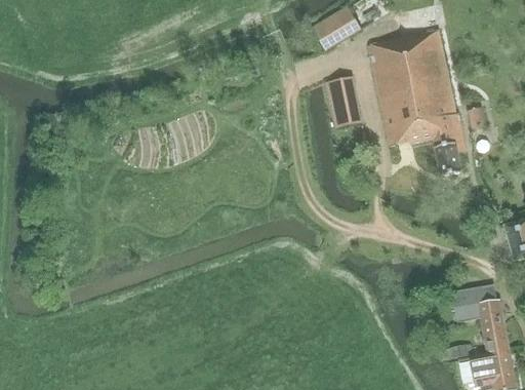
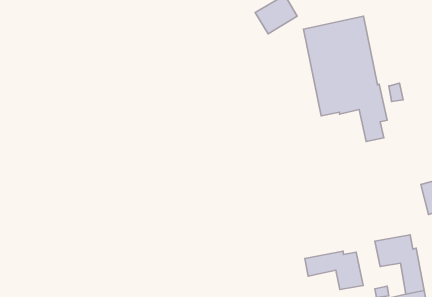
building: [325,76,362,128] -> none
building: none -> [305,251,363,289]

